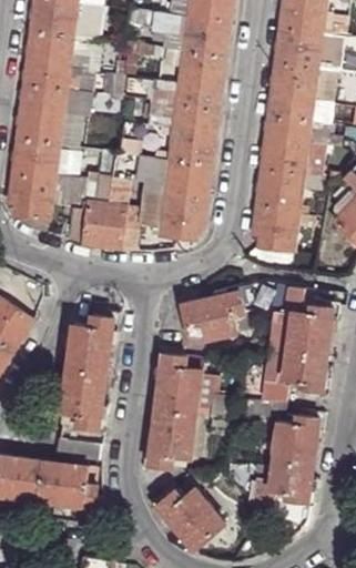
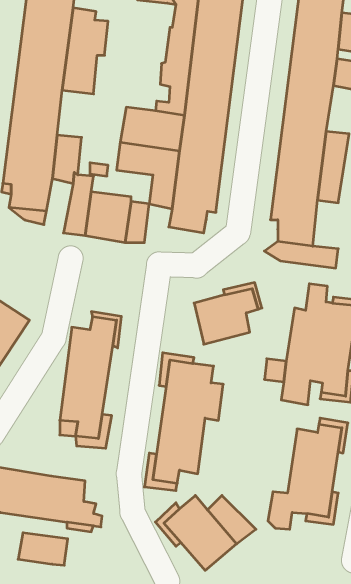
building: [53,437,99,467] -> [18,533,68,565]

